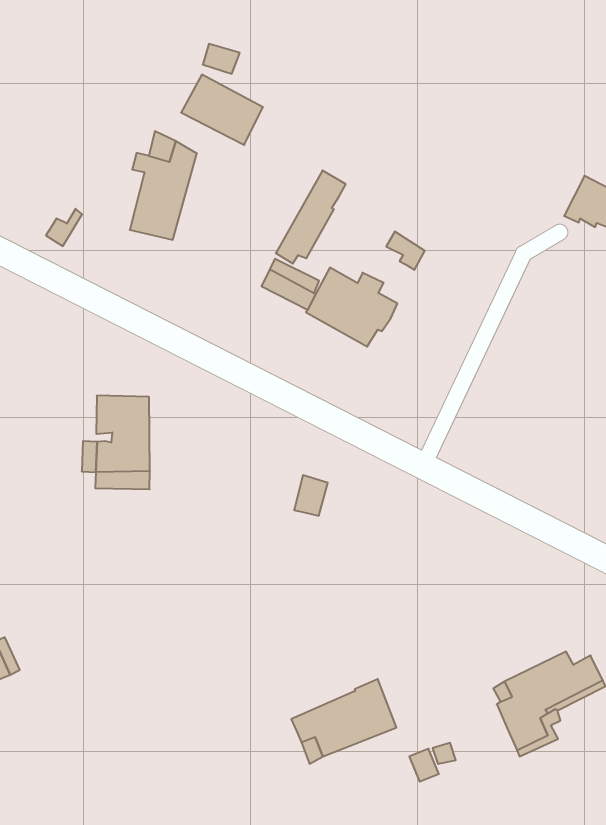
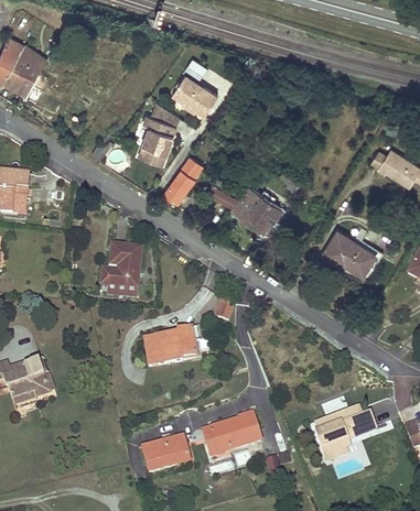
building: [276,170,346,264] -> [160,154,202,204]
building: none -> [322,229,376,271]
building: none -> [143,326,198,365]
building: none -> [142,435,190,472]

